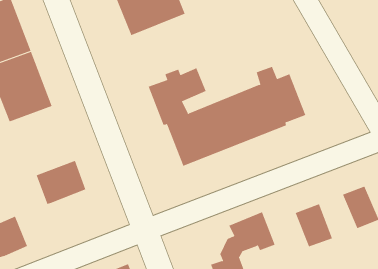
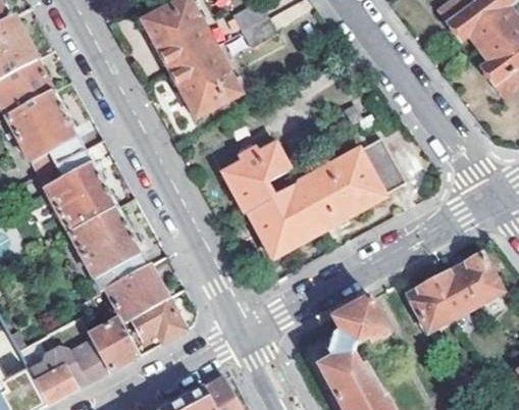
building: none -> [69,208,150,291]
building: none -> [128,298,184,342]
building: none -> [432,267,478,318]
building: none -> [90,322,137,370]

